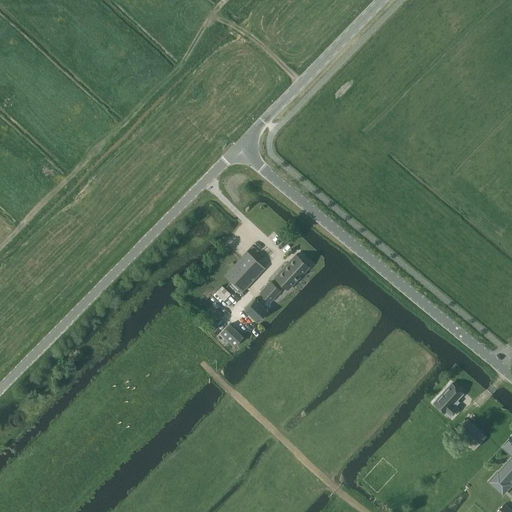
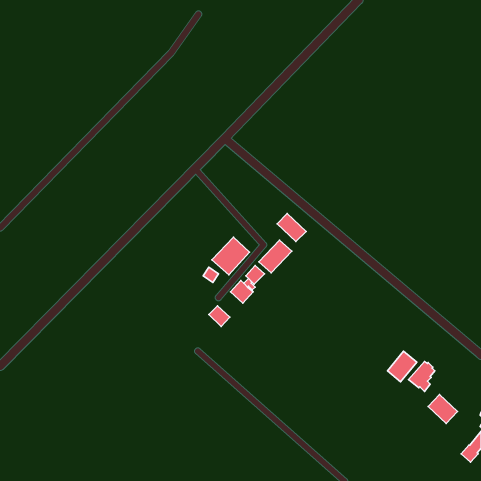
building: none -> [277,214,306,242]
building: none -> [387,351,417,382]

